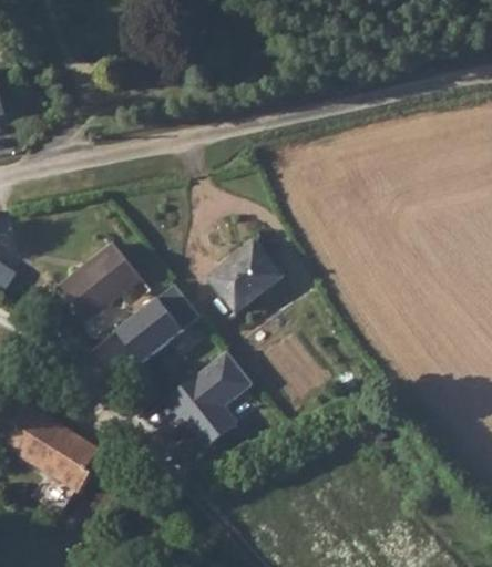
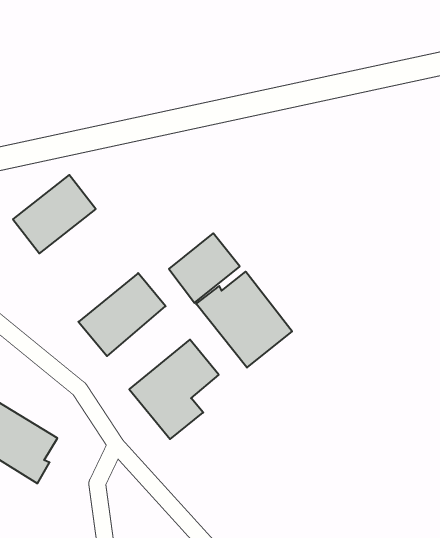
building: [55,244,139,322] -> [13,175,96,253]
building: none -> [196,272,292,368]

